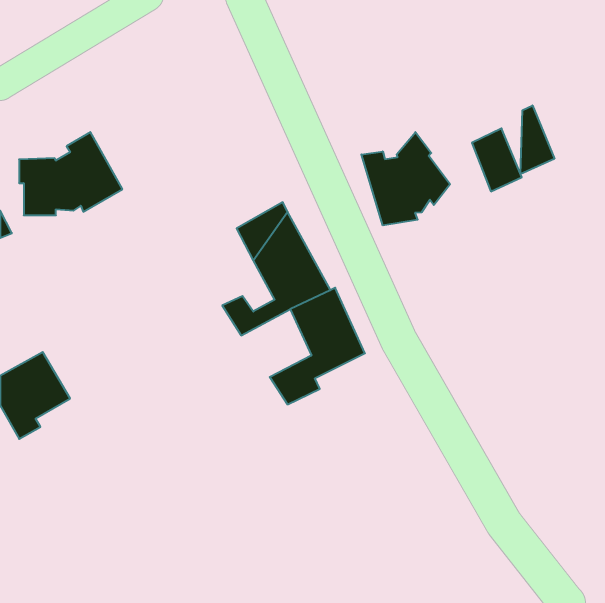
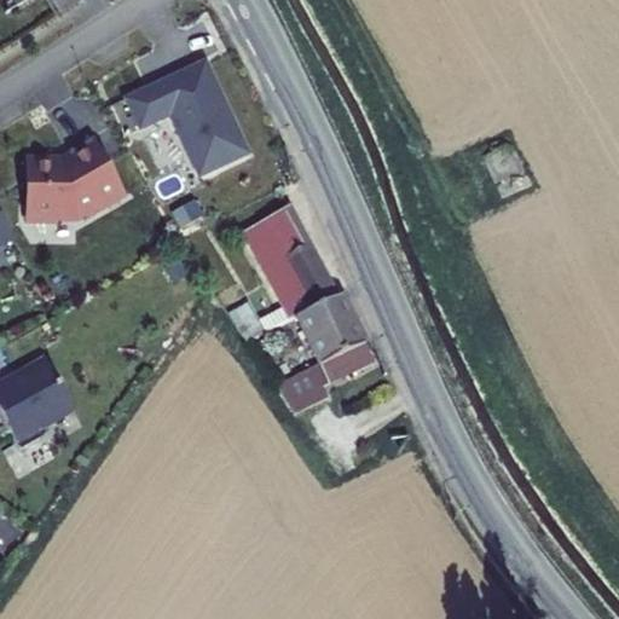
building: none -> [126,60,249,174]
building: [521,105,554,174] -> none
building: [361,132,450,225] -> none

